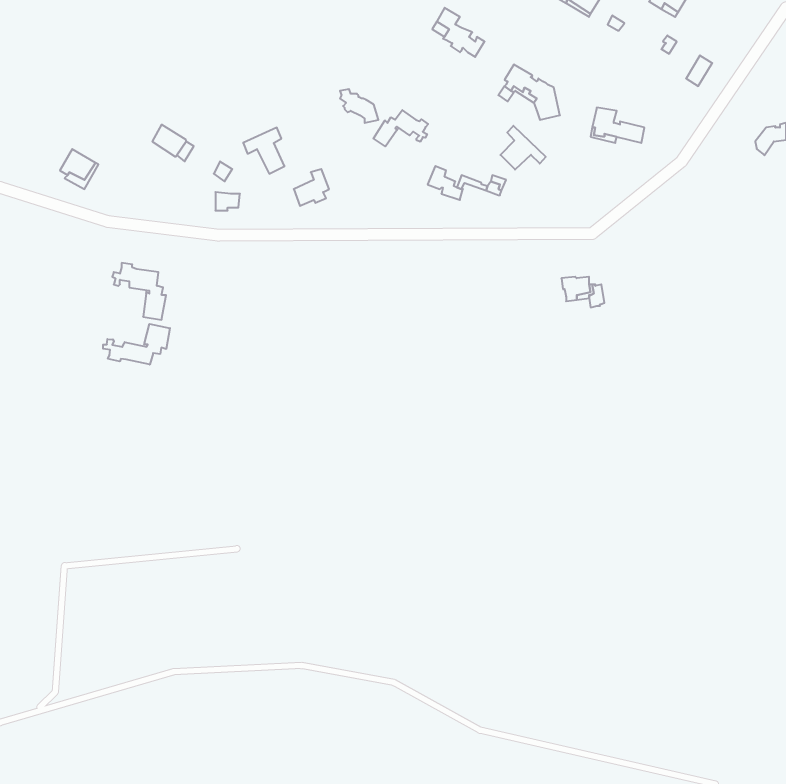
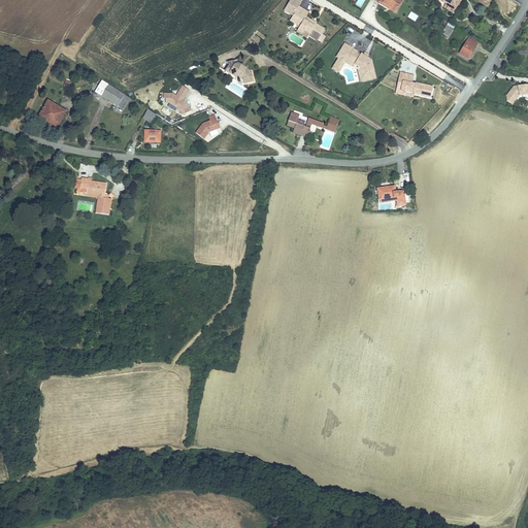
building: [373,110,428,146] -> none
building: [500,126,546,170] -> none
building: [103,324,170,365] -> none

